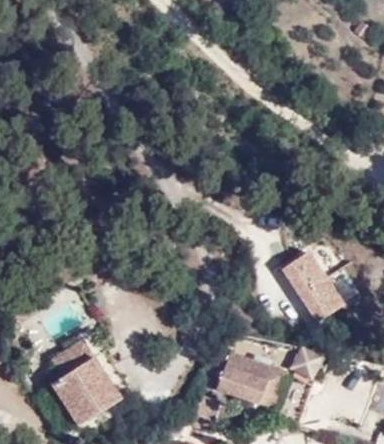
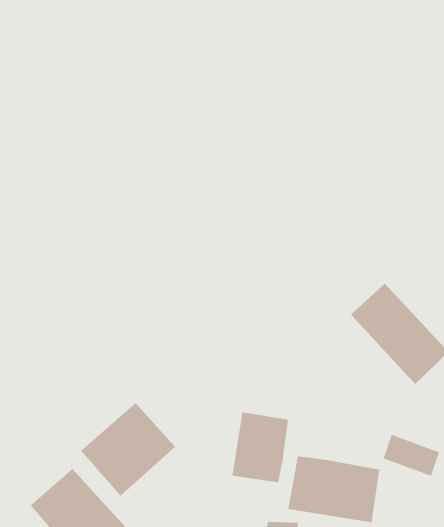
building: none -> [80,402,176,497]
building: none -> [232,411,289,483]

